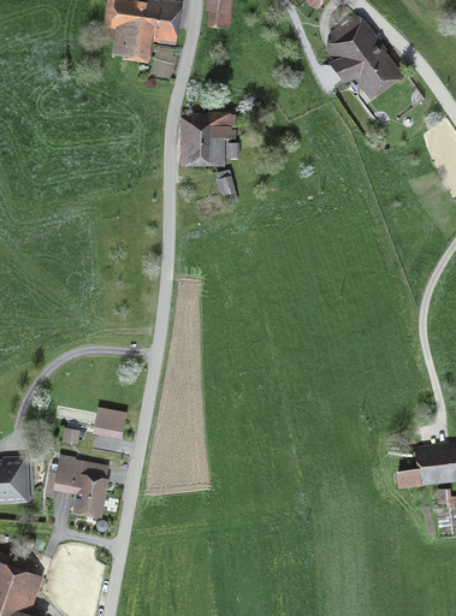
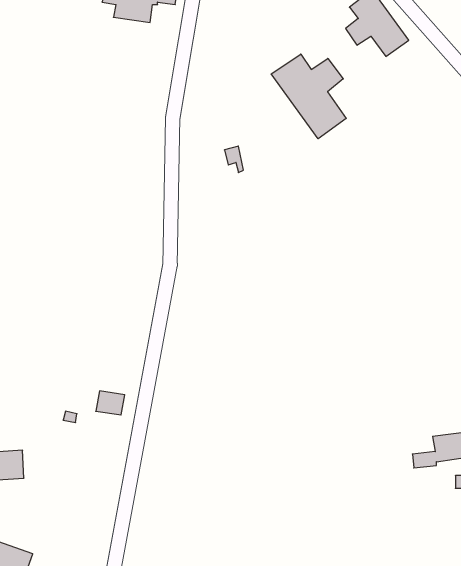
building: none -> [271,54,346,139]
building: [188,116,232,159] -> none
building: [55,456,106,513] -> none

